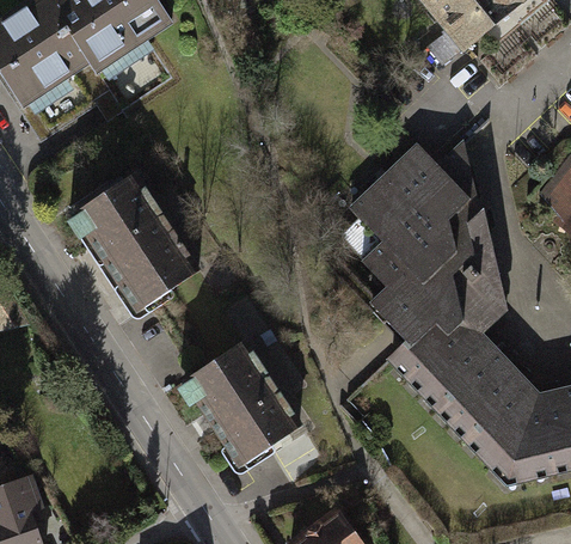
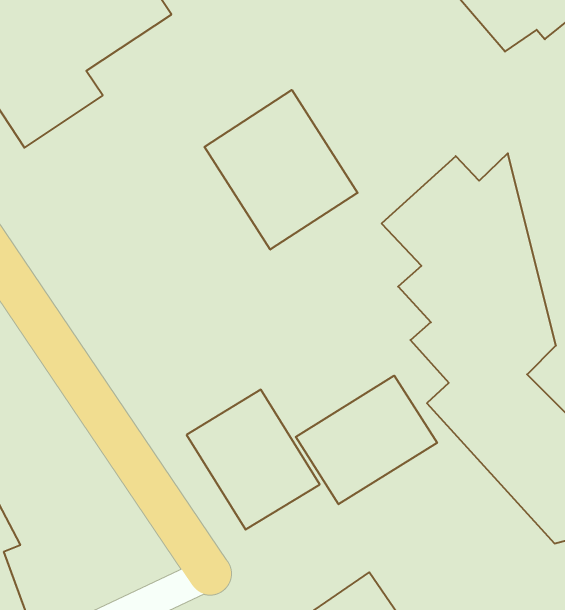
building: none -> [205,90,358,250]
building: [72,173,204,318] -> none
building: none -> [296,376,437,504]

